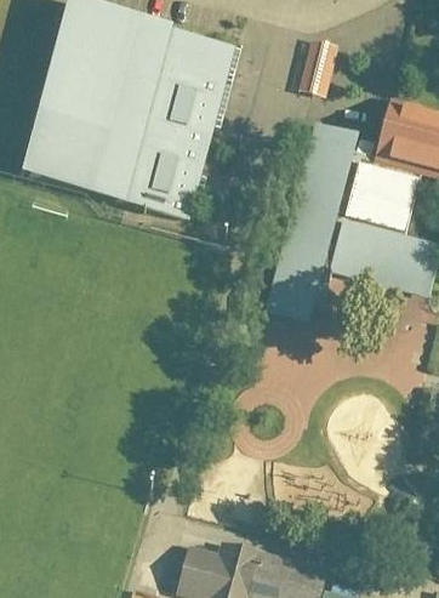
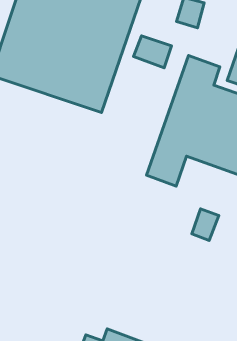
building: none -> [134,36,172,68]
building: none -> [192,209,219,240]

